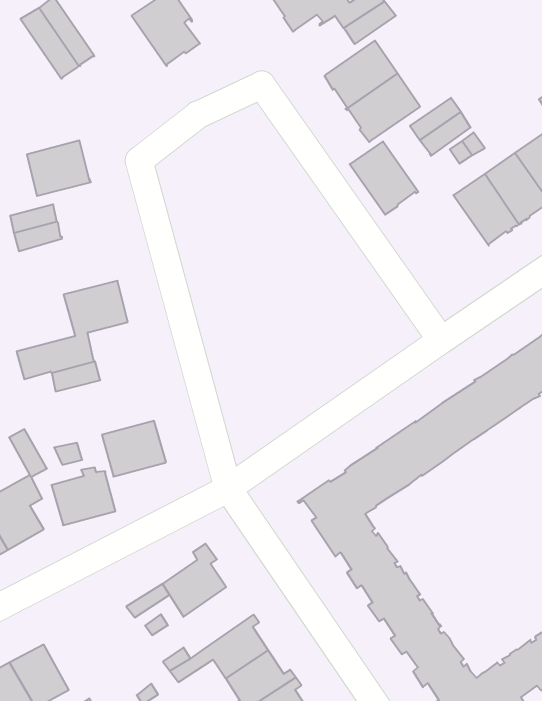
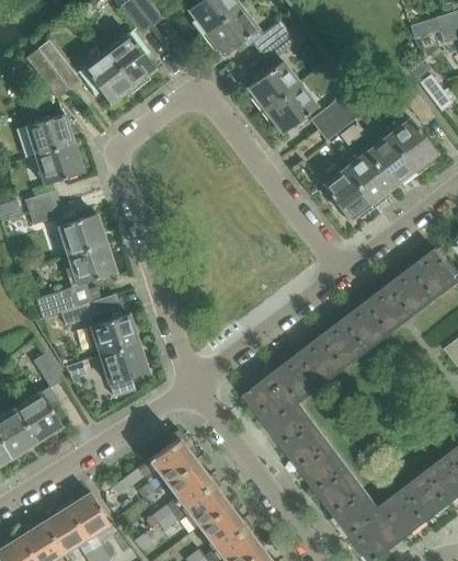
building: none -> [78,51,133,104]
building: none -> [25,114,72,156]
building: [350,141,418,215] -> [321,169,371,221]
building: none -> [58,214,105,255]
building: [51,468,115,525] -> [90,312,137,355]
building: none -> [165,460,216,505]
building: none -> [66,493,110,540]

